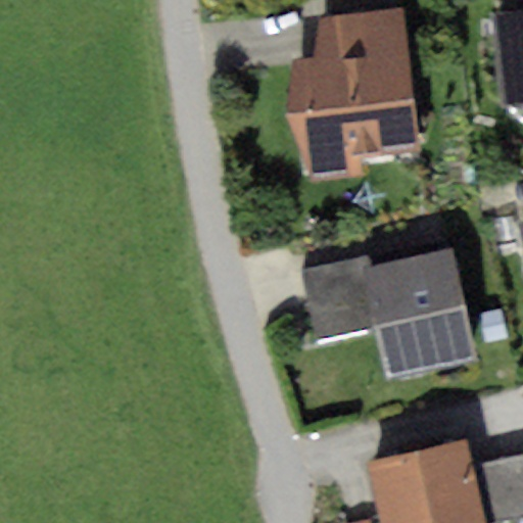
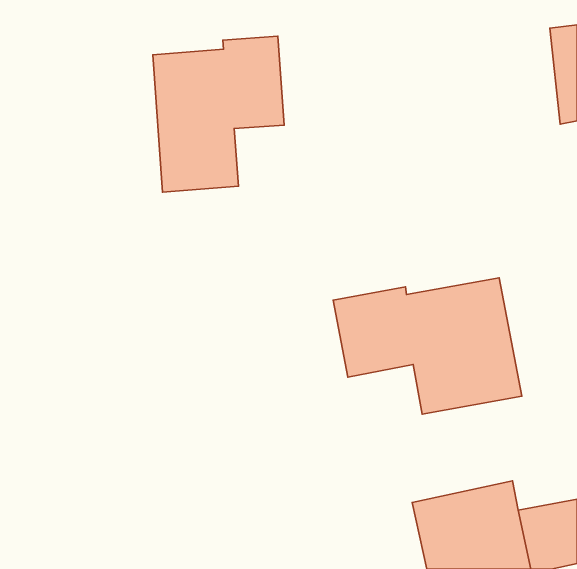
building: [300,16,415,180] -> none
building: none -> [153,36,284,192]

